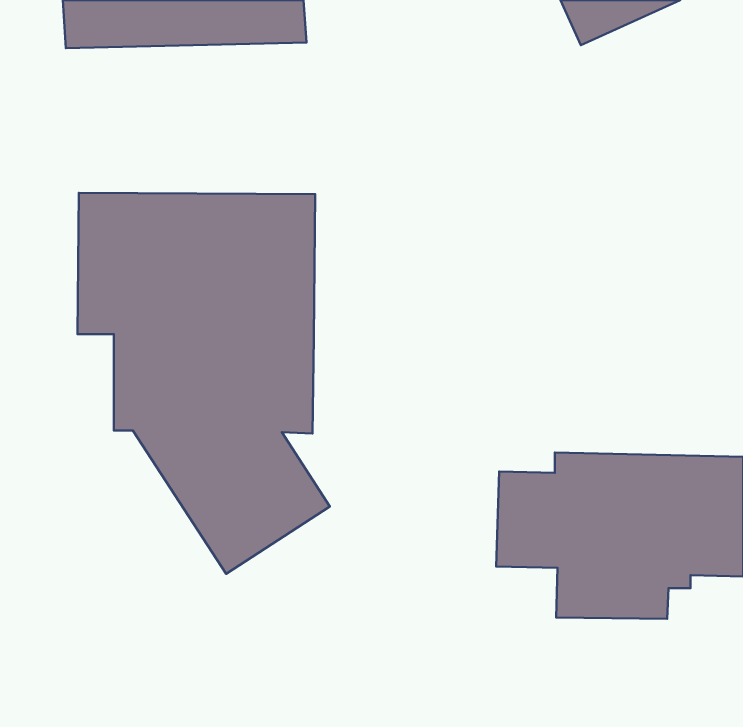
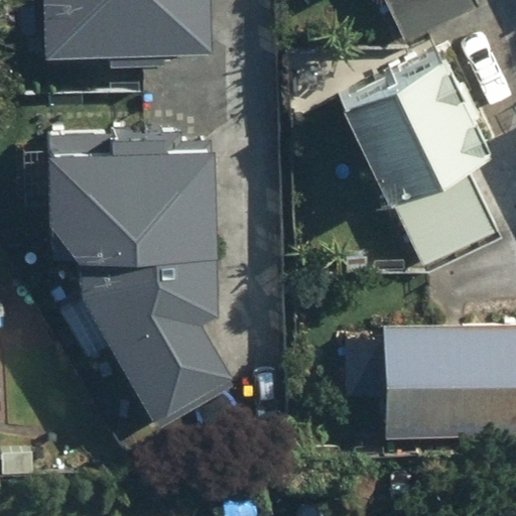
building: none -> [340,52,494,267]

